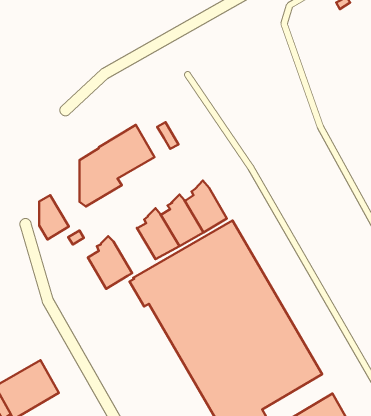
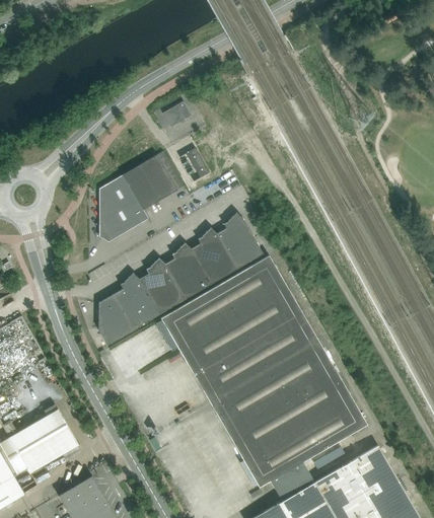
building: none -> [162,101,192,127]
building: [39,195,69,240] -> [98,296,131,345]
building: none -> [139,257,185,313]

